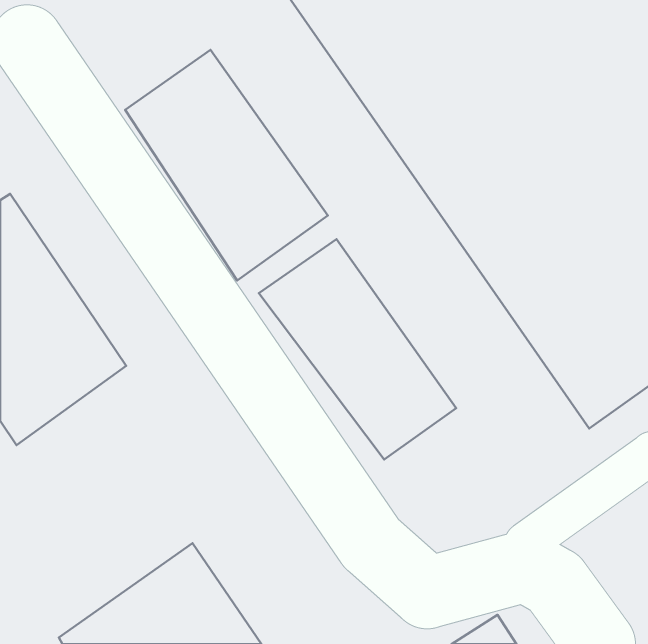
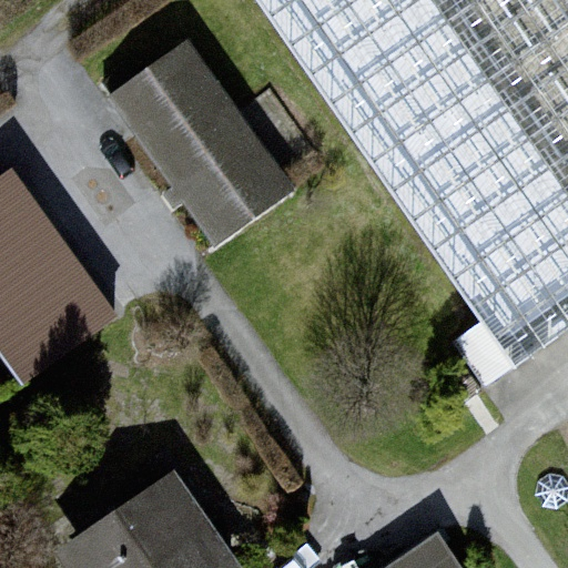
building: [259,239,456,460] -> none

